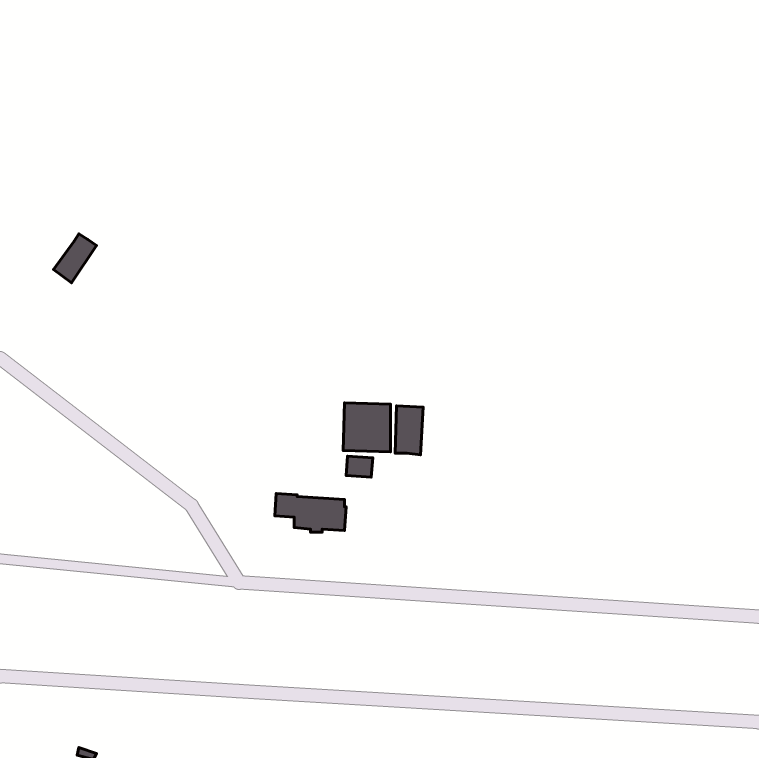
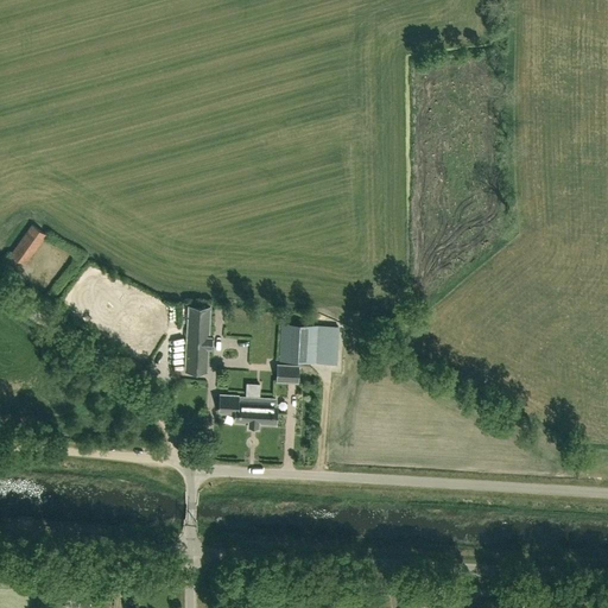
building: [54,234,97,283] -> [11,226,45,265]
building: none -> [185,308,210,373]

